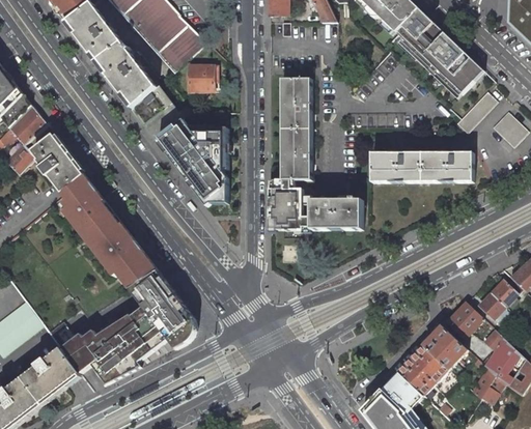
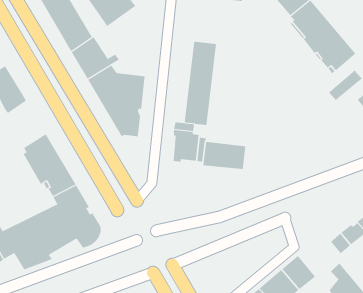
building: [188,64,217,90] -> none
building: [370,152,472,181] -> none
building: [60,175,113,233] -> none
building: [446,302,481,337] -> none

